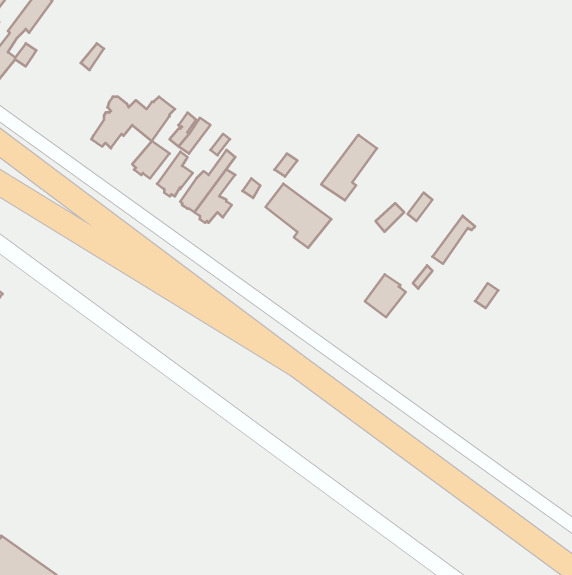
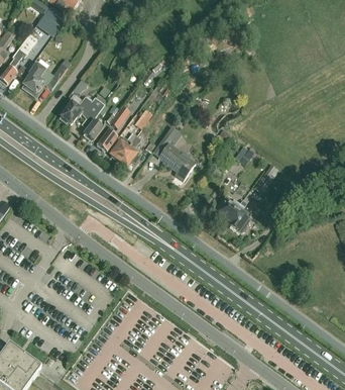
building: none -> [24,64,46,97]
building: [321,135,377,200] -> none
building: none -> [227,206,252,233]

